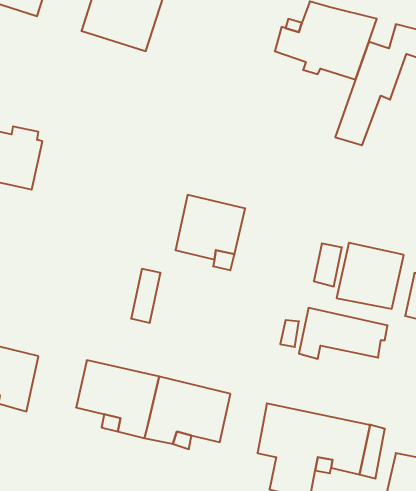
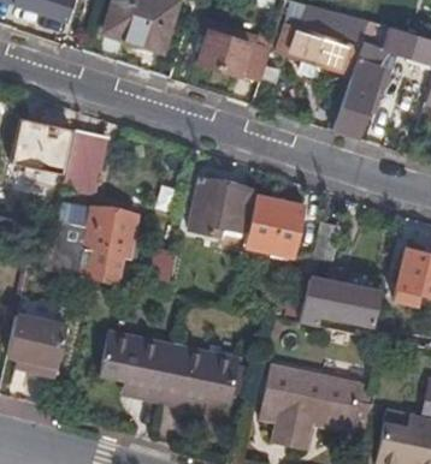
building: none -> [199,30,272,82]
building: none -> [64,130,107,195]
building: none -> [76,204,137,282]
building: [337,243,404,309] -> [246,197,306,256]

